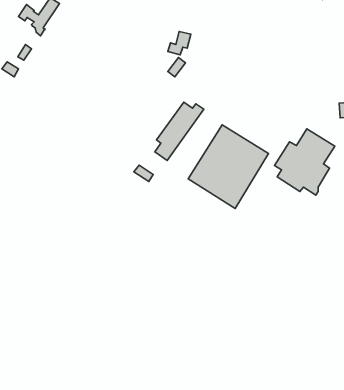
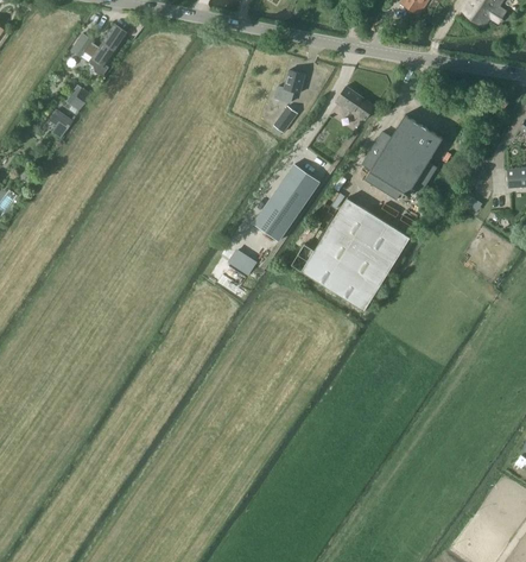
building: none -> [335,86,374,119]
building: [275,129,335,195] -> [361,114,443,204]

